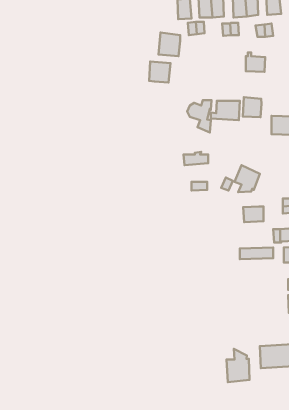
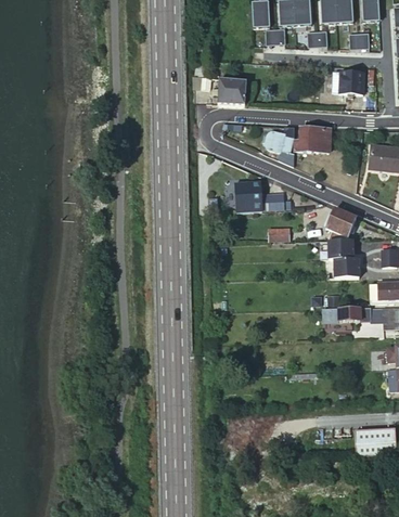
building: [159,32,180,56] -> none
building: [243,97,261,117] -> none
building: none -> [233,182,261,214]
building: none -> [325,240,353,259]
building: [227,349,249,382] -> none

